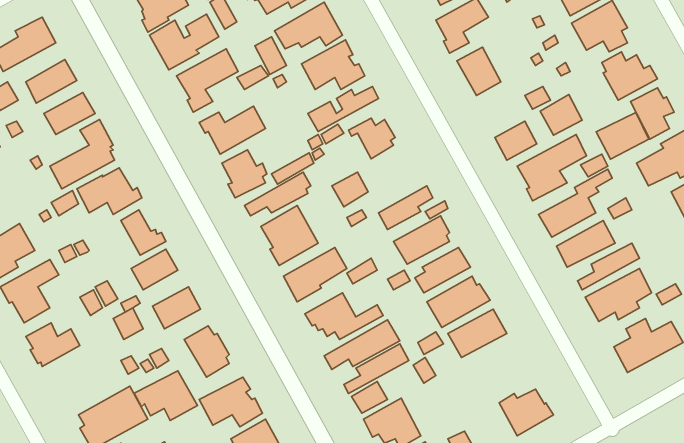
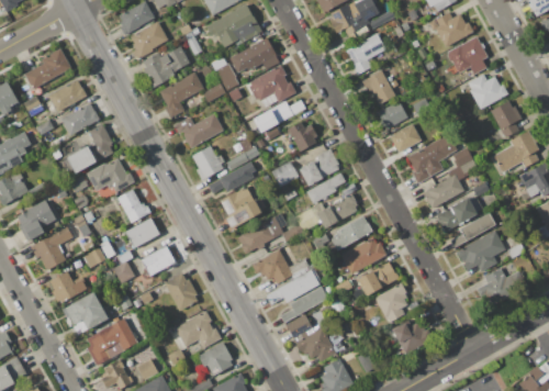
building: [540,95,582,135] -> [377,100,407,130]
building: [596,113,649,159] -> none
building: none -> [299,148,340,186]
building: none -> [373,282,407,323]
building: [134,371,197,420] -> [61,292,108,328]

